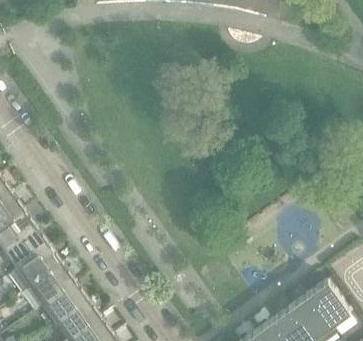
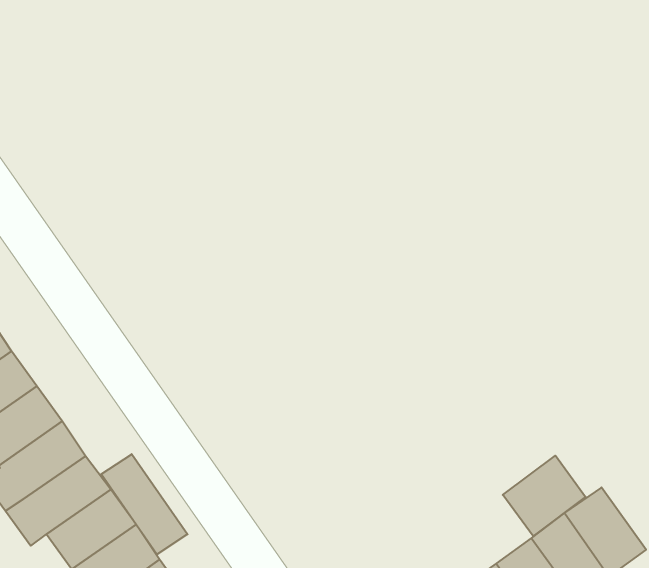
building: none -> [101,454,188,554]
building: none -> [503,456,586,536]

